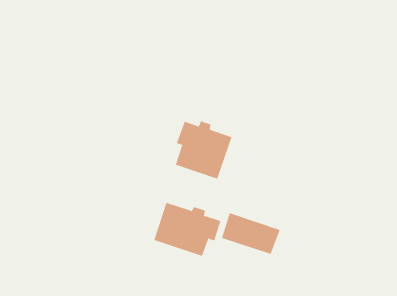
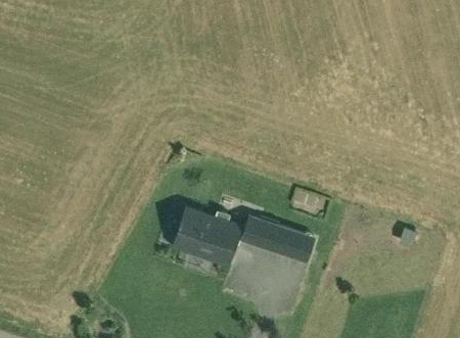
building: [175,120,232,179] -> none

